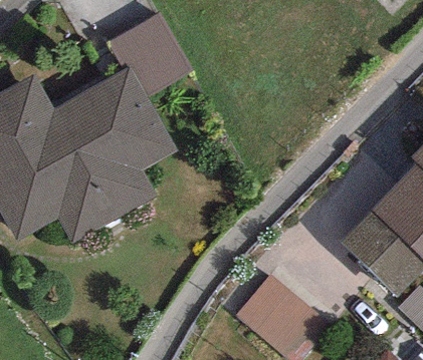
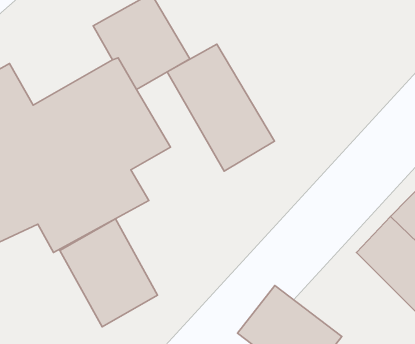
building: none -> [167,44,275,171]
building: none -> [60,219,158,327]

